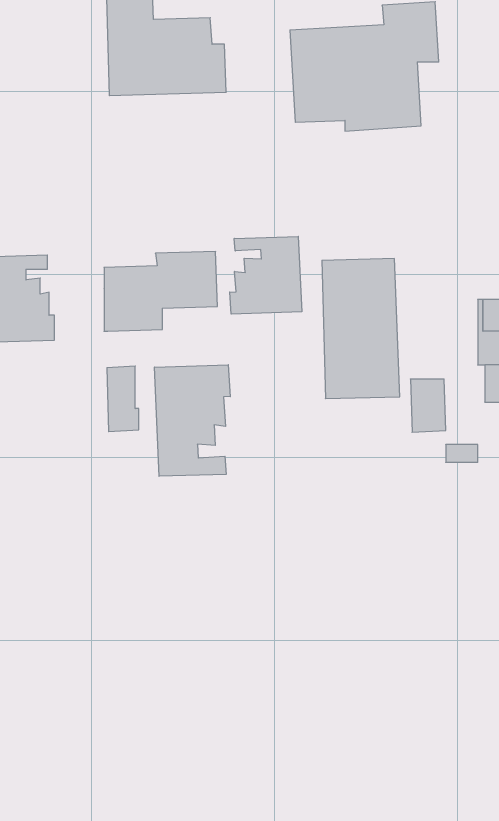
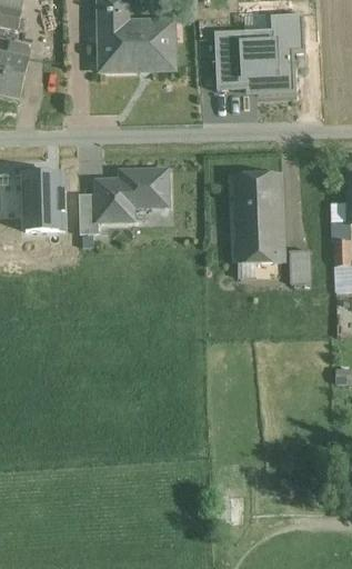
building: [230,236,302,314] -> none
building: [155,365,230,476] -> none
building: [107,366,139,432] -> [79,192,99,233]

